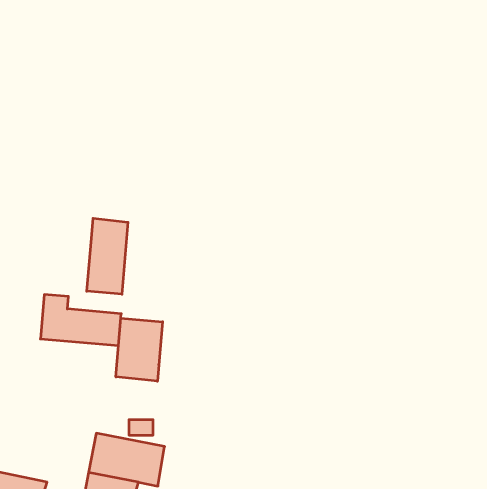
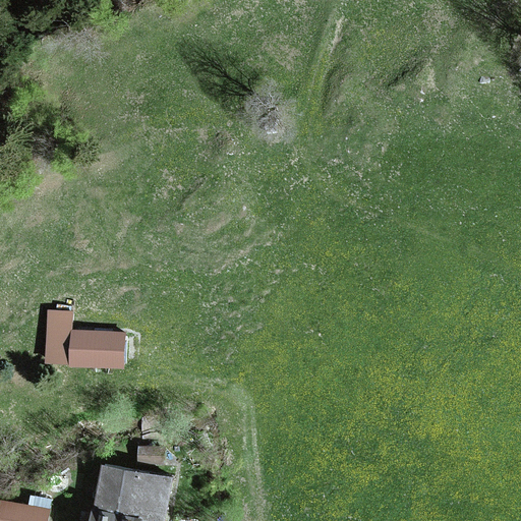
building: [87,218,128,294] -> none
building: [116,318,163,381] -> none

